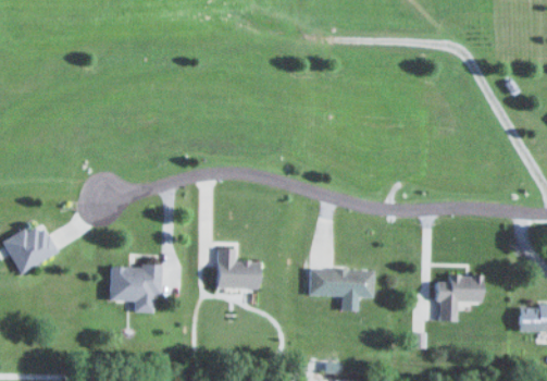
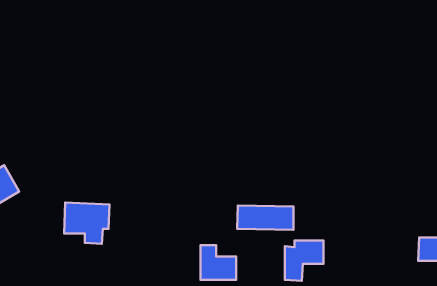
building: [216,249,258,290] -> [200,245,236,280]
building: [437,275,482,322] -> [285,240,323,281]

